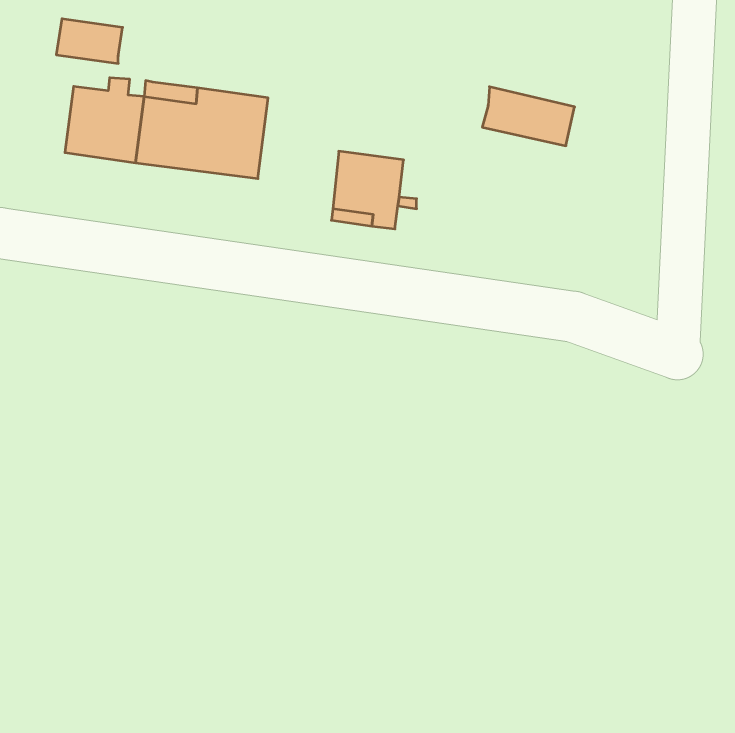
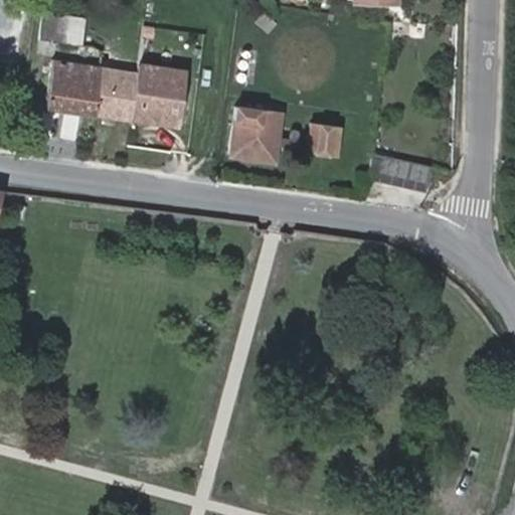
building: [482,87,575,146] -> [368,152,433,193]
building: none -> [310,124,342,157]

